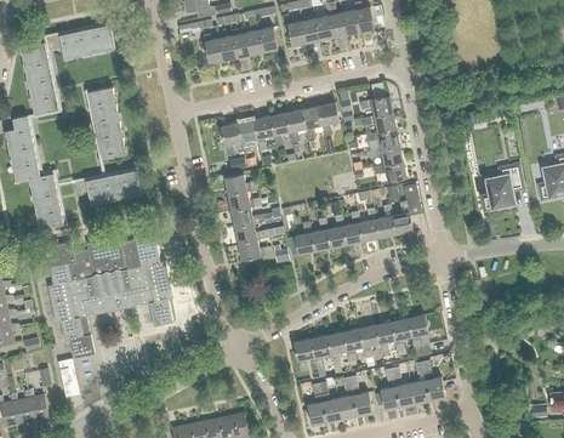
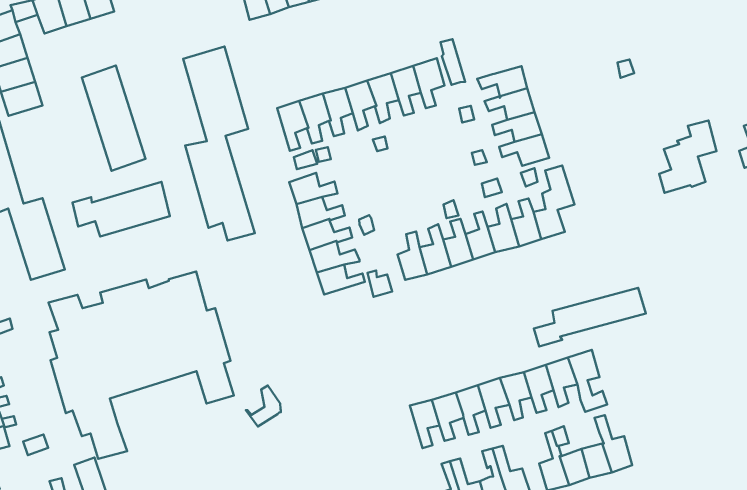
building: none -> [183,46,255,240]
building: [359,83,393,116] -> none
building: none -> [534,288,646,346]

